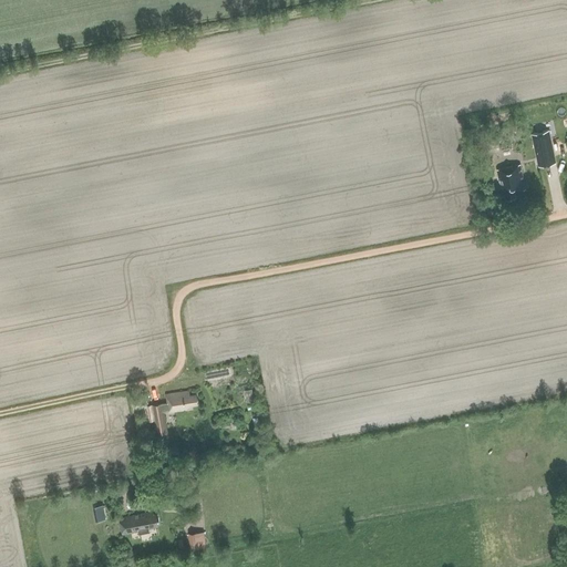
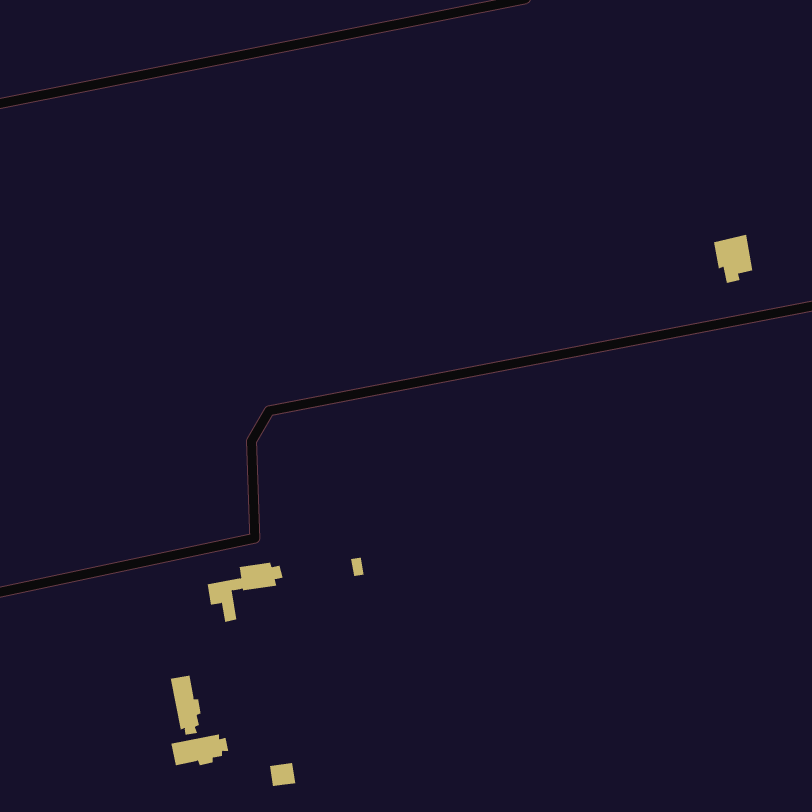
building: [532,128,556,165] -> none
building: none -> [170,675,201,736]

